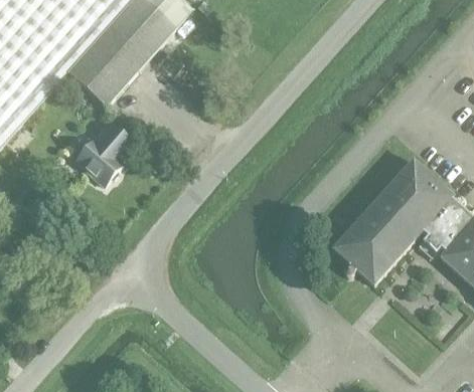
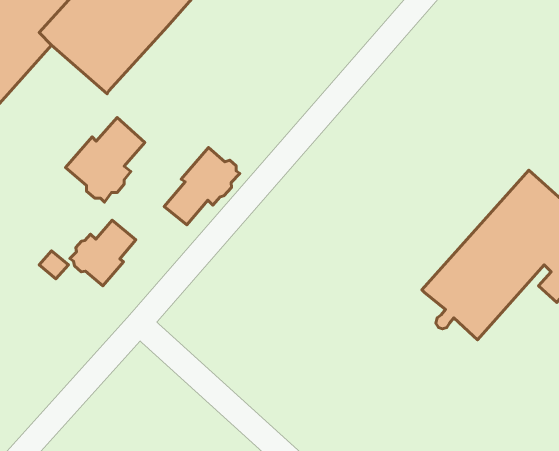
building: none -> [164,148,240,225]
building: none -> [70,220,136,286]

